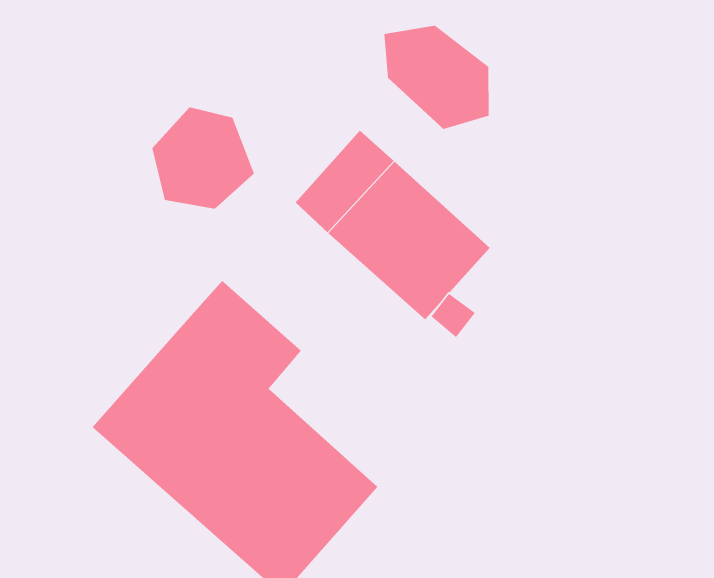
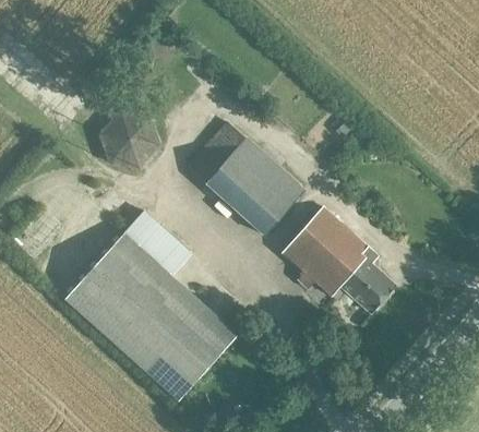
building: [384,25,490,130] -> none
building: none -> [283,207,396,314]

